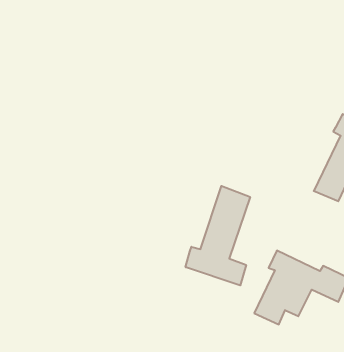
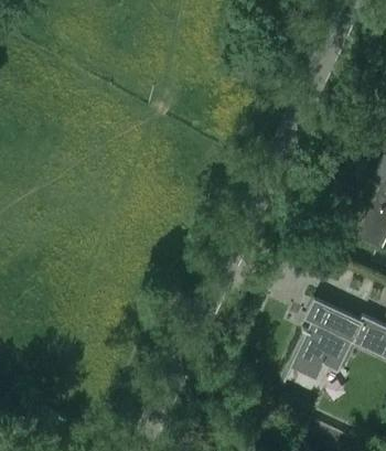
building: [186,186,250,285] -> none

